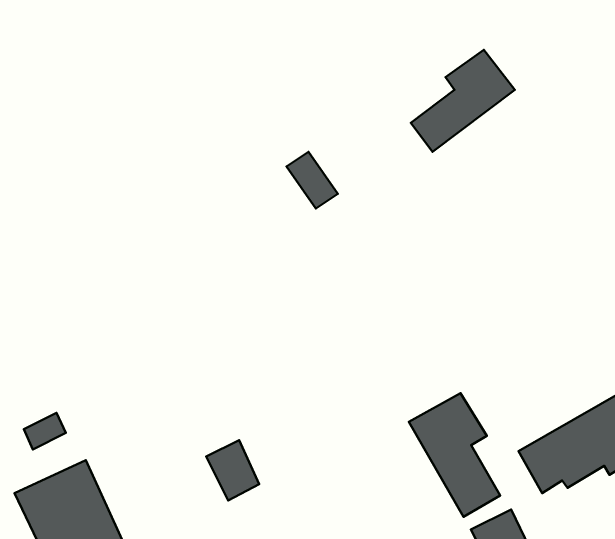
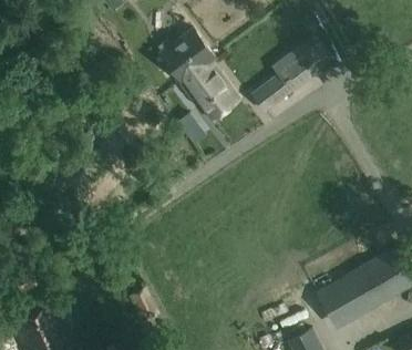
building: none -> [156,30,237,122]
building: [409,393,500,517] -> none

